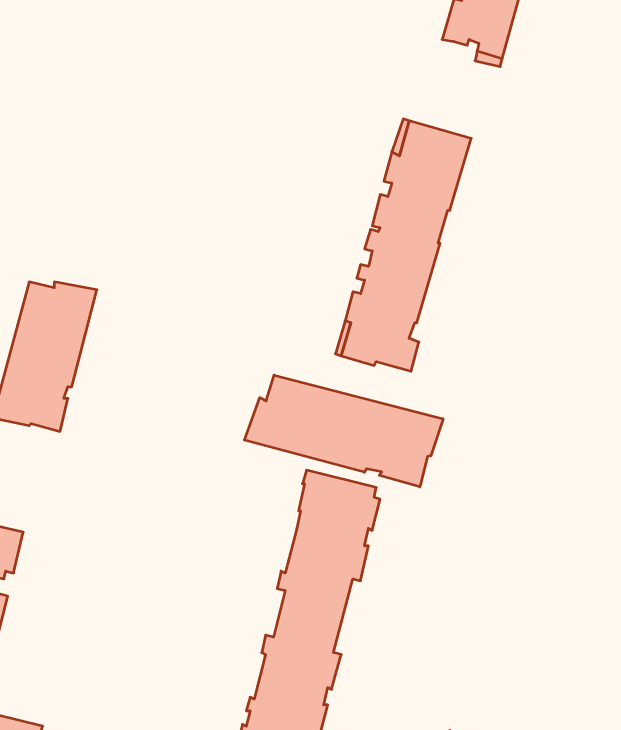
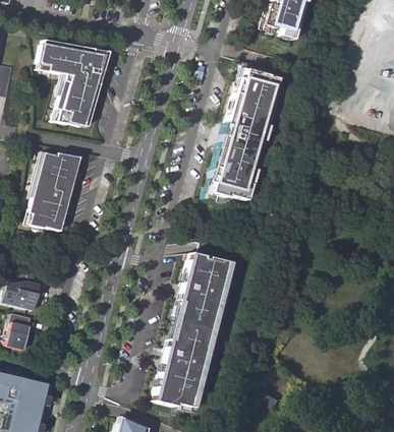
building: none -> [39,41,110,127]
building: [244,375,443,487] -> none

